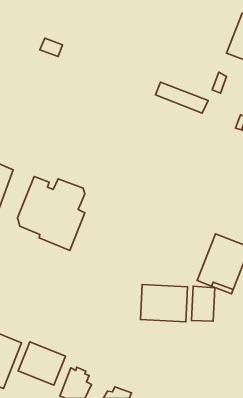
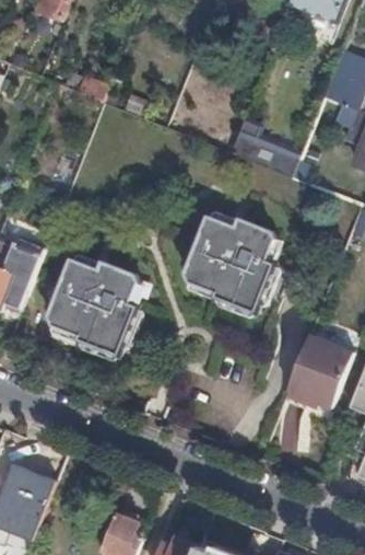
building: none -> [186,216,274,313]
building: [140,285,188,322] -> none
building: [18,342,66,385] -> none

